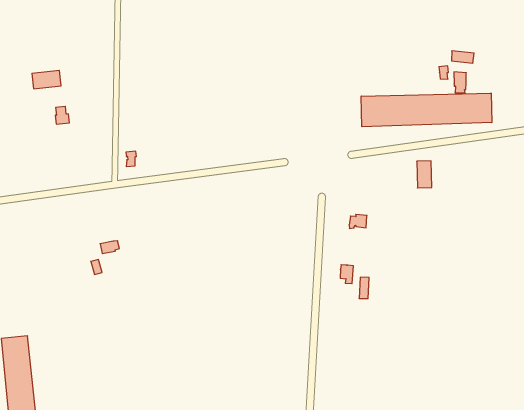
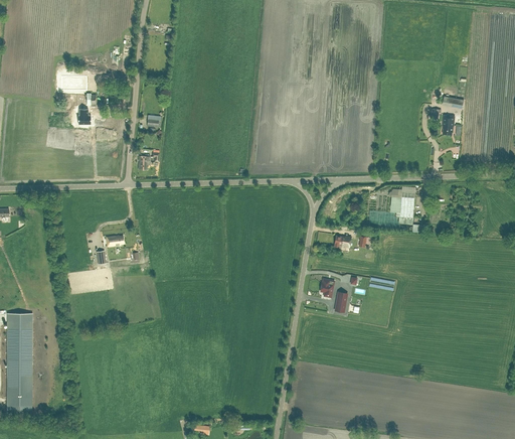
building: [361,93,492,127] -> none

